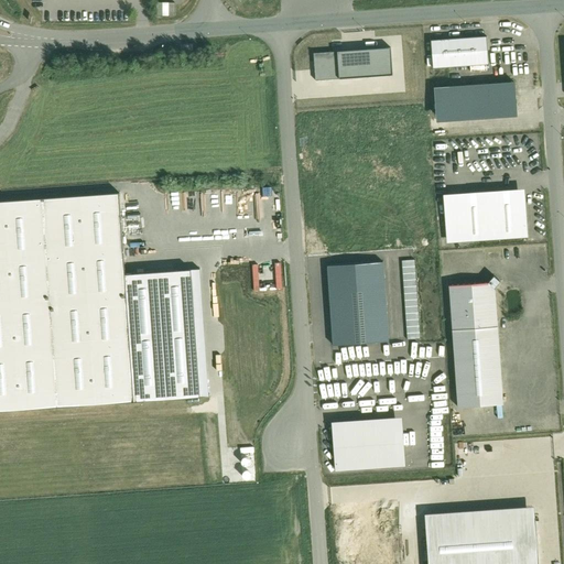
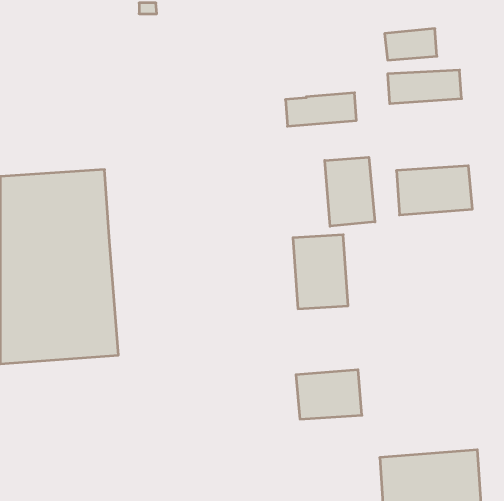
building: [313,46,392,84] -> [285,93,356,126]
building: none -> [325,157,375,226]
building: [122,269,199,400] -> none
building: [448,275,501,406] -> none

